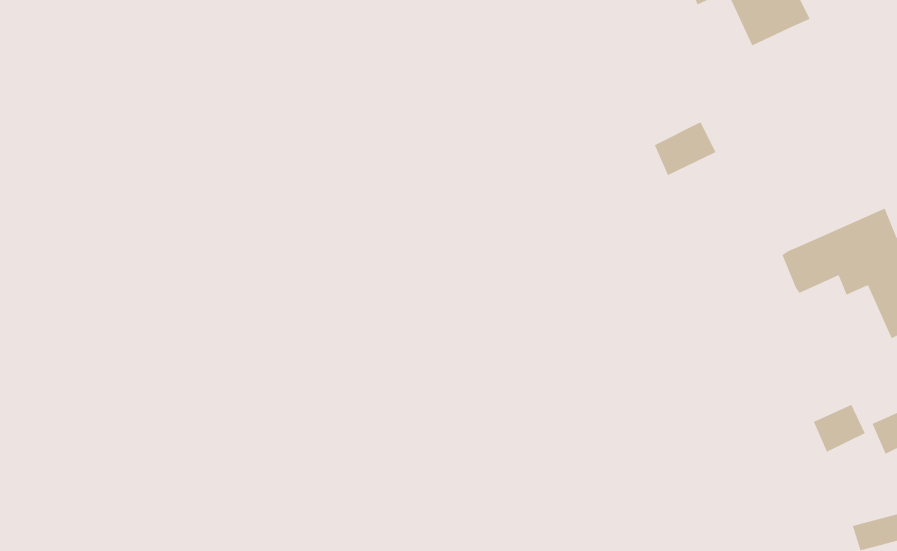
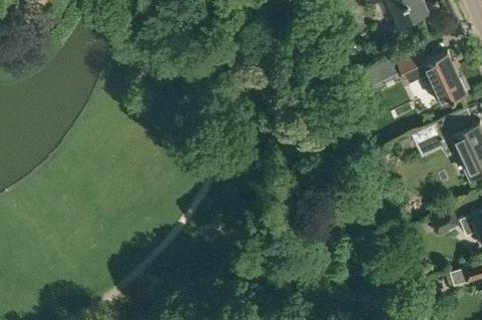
building: none -> [399,53,469,108]

